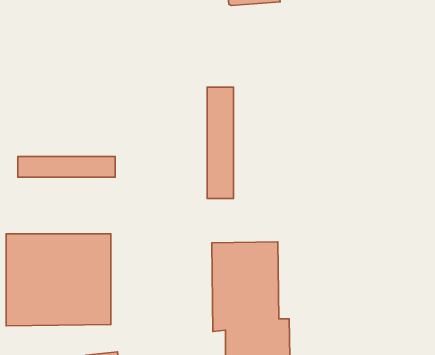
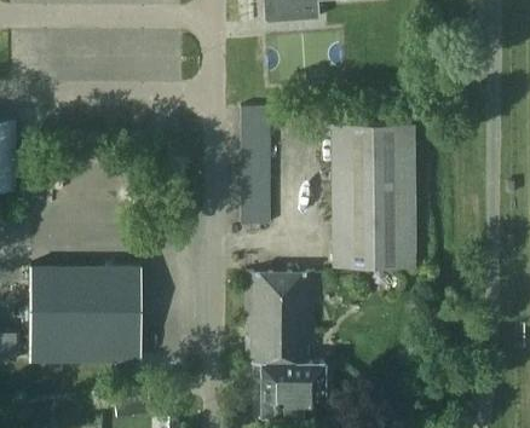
building: none -> [333,123,415,268]
building: [18,156,115,177] -> none

